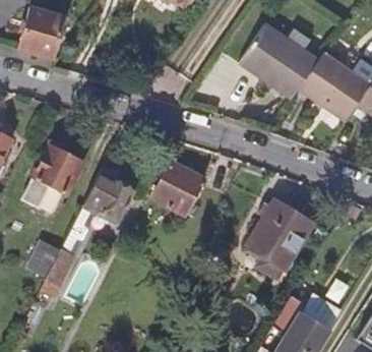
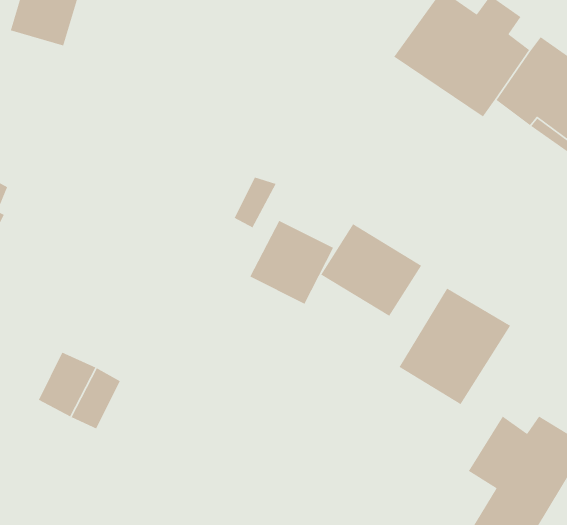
building: [22,143,85,202] -> none
building: none -> [320,223,422,317]
building: [85,169,132,224] -> none

